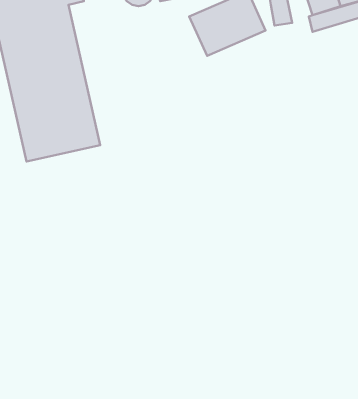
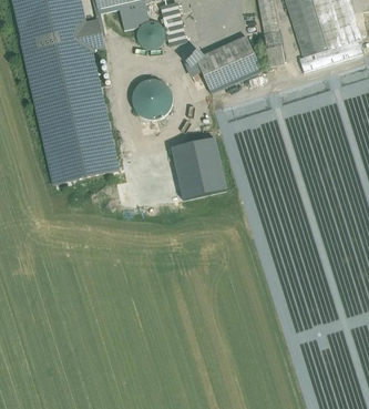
building: none -> [132,78,173,117]
building: none -> [172,136,226,197]

